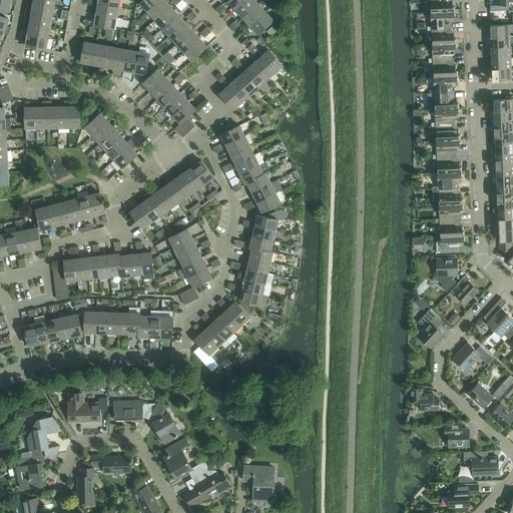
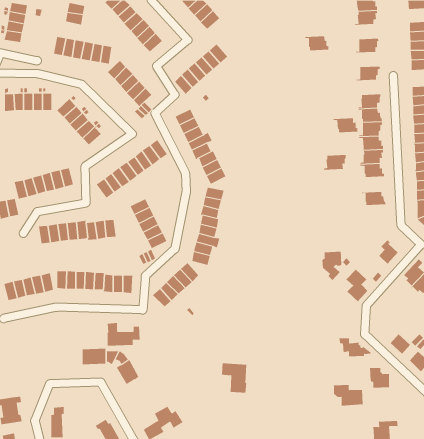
building: [427,28,455,45] -> [305,36,329,51]
building: [428,60,457,77] -> none
building: [429,92,458,109] -> [333,118,358,133]
building: [435,203,462,221] -> [323,155,347,170]
building: [436,235,464,253] -> none
building: [433,259,457,293] -> [321,251,342,281]
building: [451,342,489,371] -> none
building: [68,394,107,421] -> [107,323,141,346]
building: [27,417,60,457] -> none
building: [164,438,196,478] -> none
building: [463,451,498,476] -> [333,384,364,406]
building: [91,455,131,473] -> none
building: [242,466,273,501] -> [221,363,247,393]

